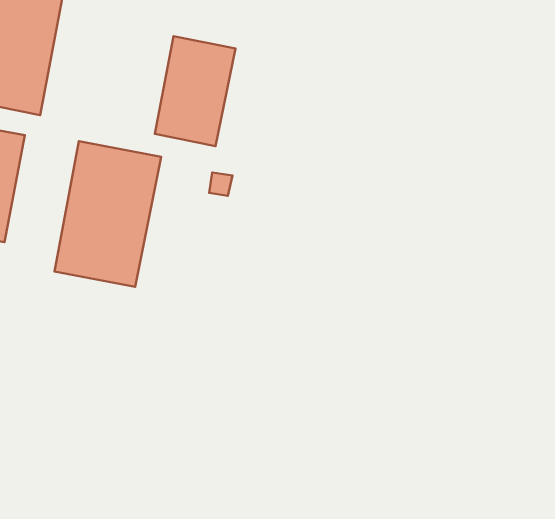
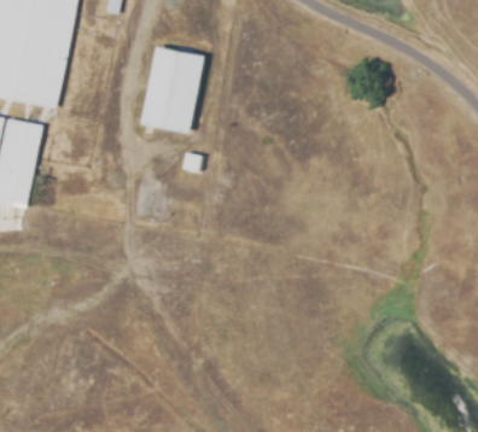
building: [54,141,161,287] -> none

